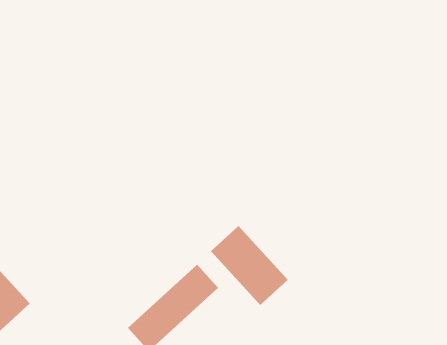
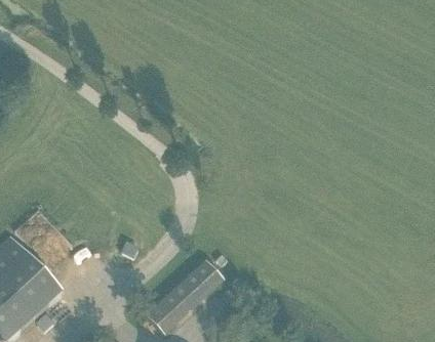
building: [210,225,288,306] -> none

